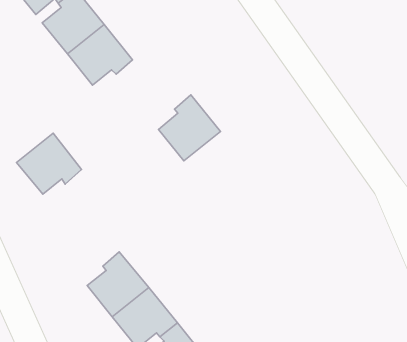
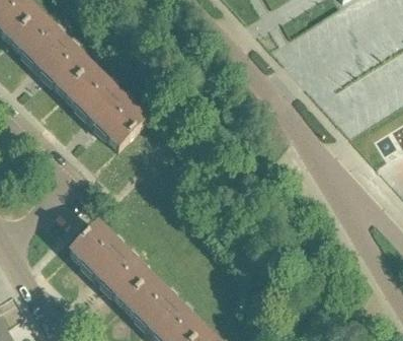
building: [159,95,220,161] -> [97,93,148,148]
building: [16,133,81,194] -> [73,224,127,275]

